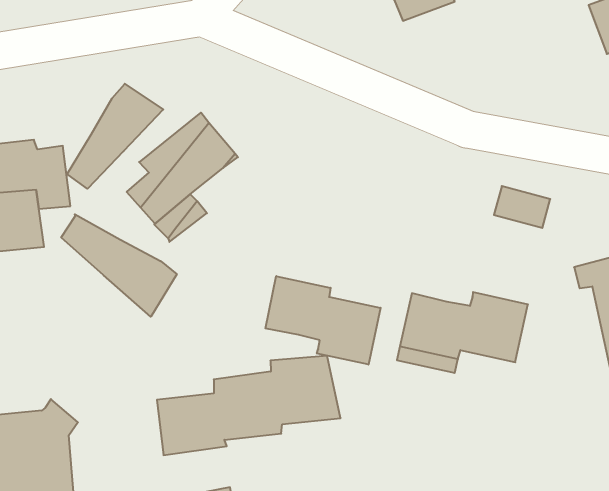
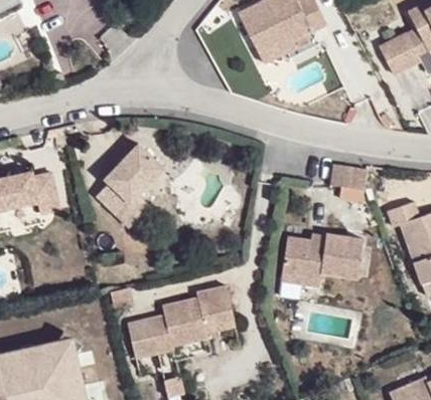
building: [67,84,163,189] -> none
building: [61,214,177,317] -> none
building: [265,276,381,365] -> none

